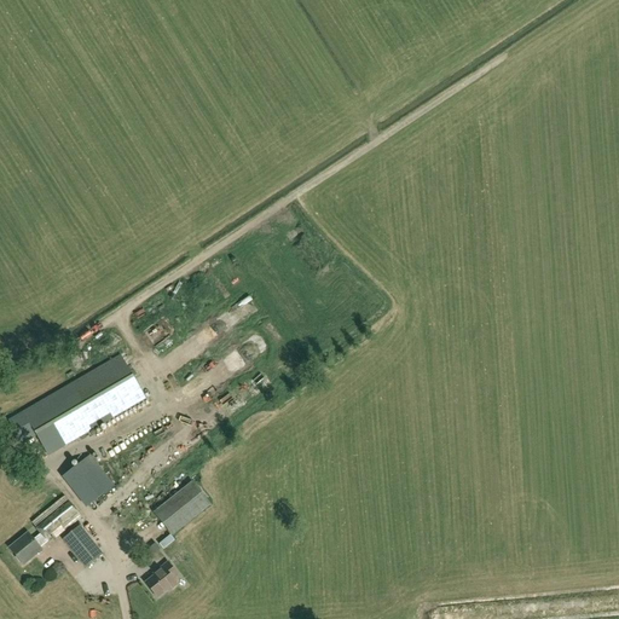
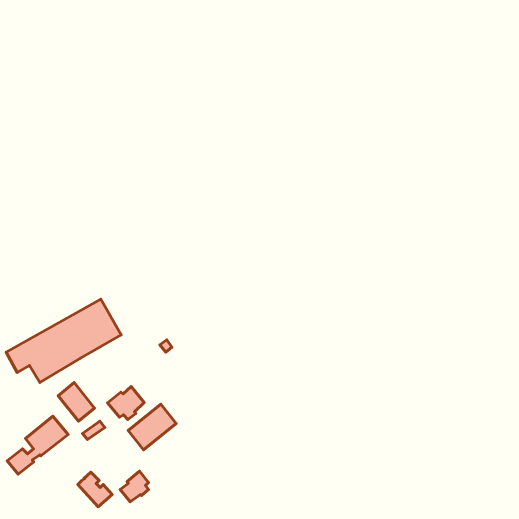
building: none -> [108,386,144,420]
building: [62,525,103,566] -> [78,472,112,507]

